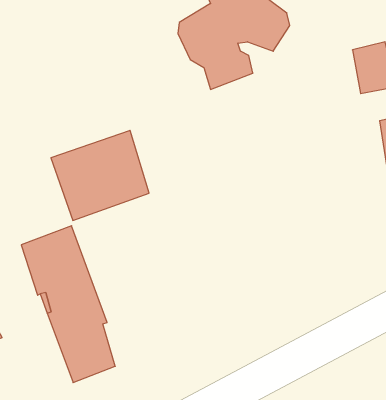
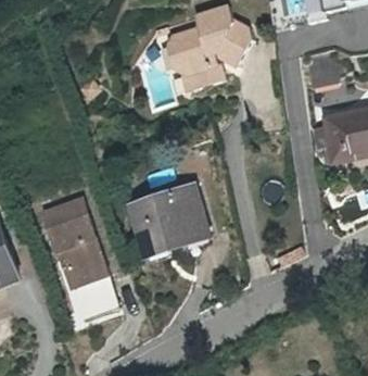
building: [51,130,149,220] -> [127,184,205,255]

